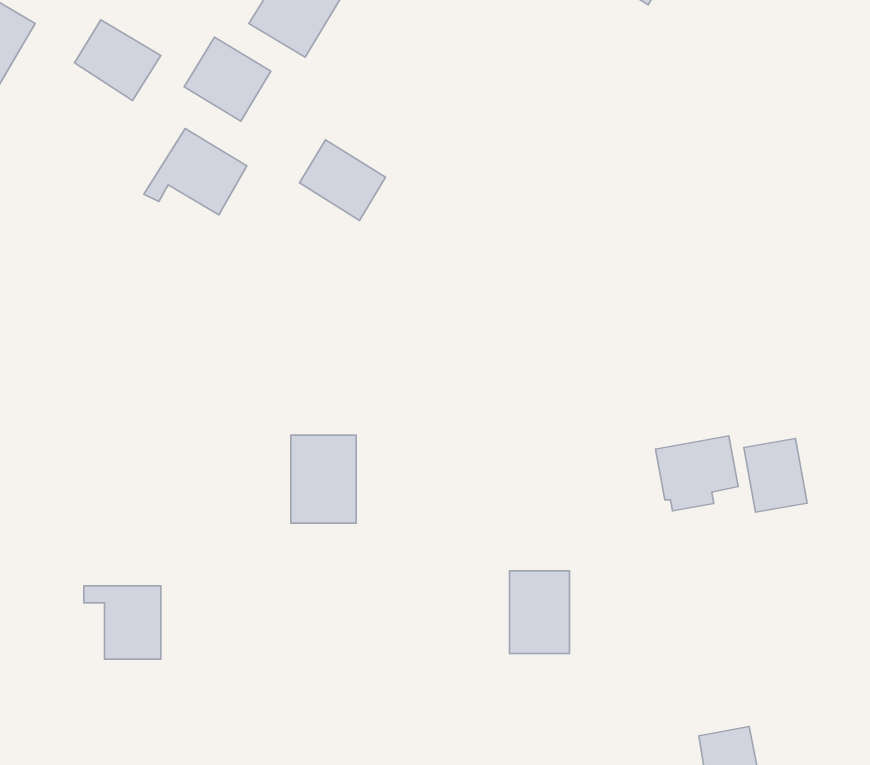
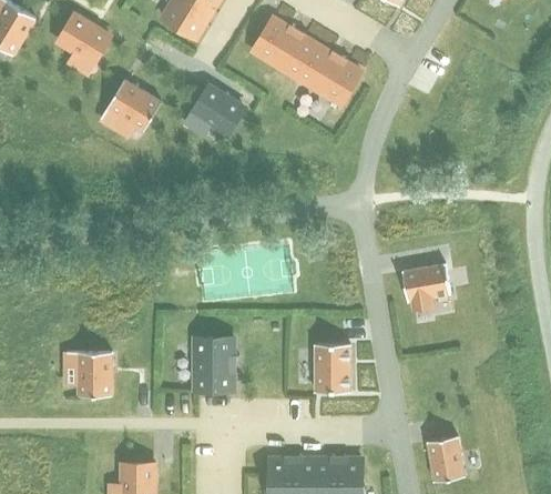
building: none -> [252,18,359,104]
building: [184,37,271,121] -> none
building: [291,435,356,523] -> [194,336,233,389]
building: [744,439,807,512] -> none

